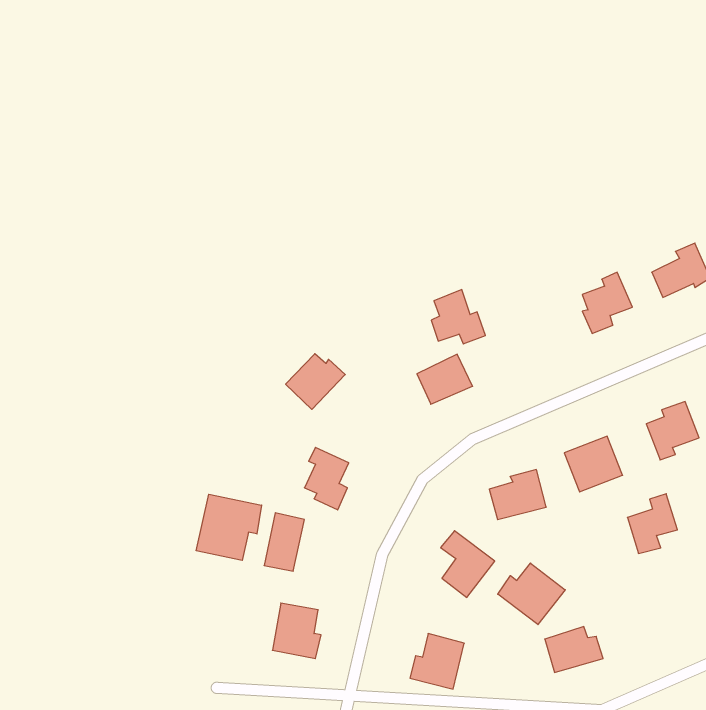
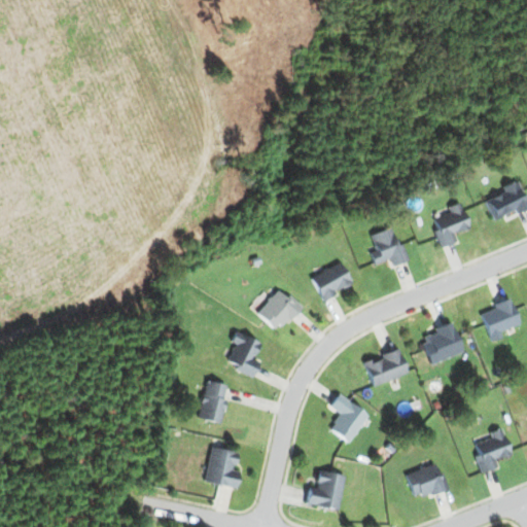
building: [431,290,485,344] -> [370,226,410,267]
building: [286,354,345,409] -> [257,290,302,331]
building: [627,494,677,553] -> [475,427,512,471]
building: [196,494,262,560] -> none
building: [498,563,565,625] -> none

